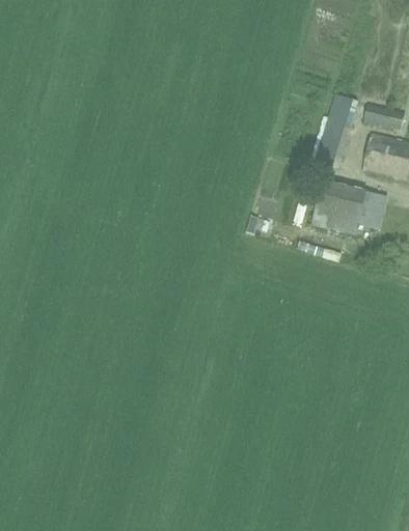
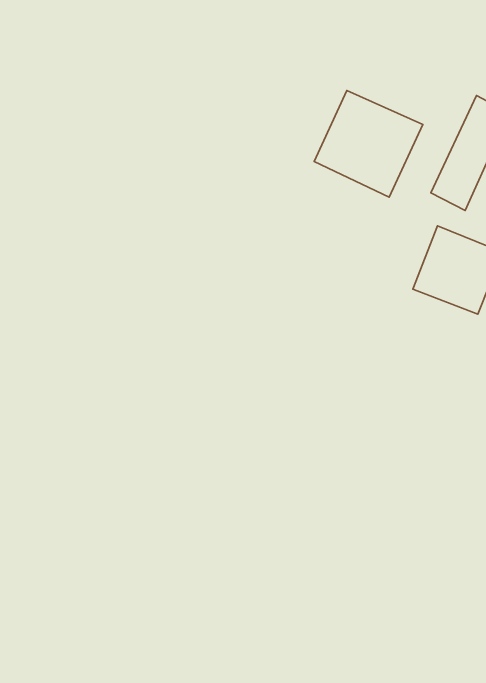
building: none -> [314,91,423,197]

